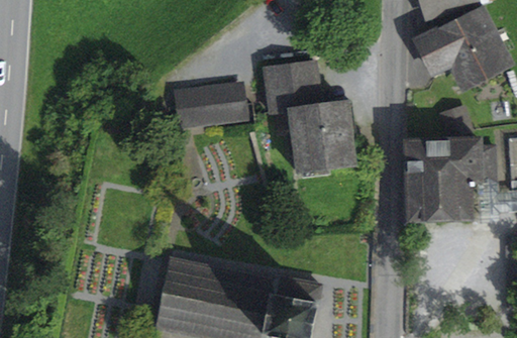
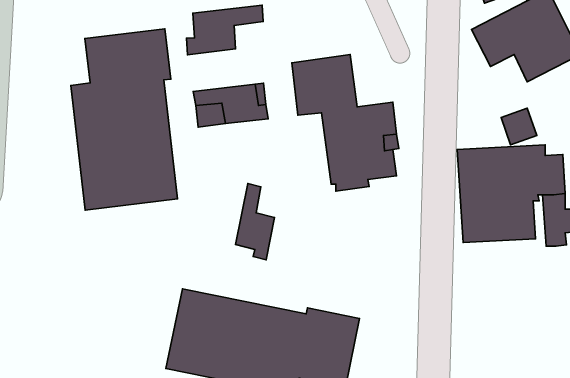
building: none -> [186,5,263,55]
building: none -> [71,29,178,210]
building: none -> [235,183,275,260]

